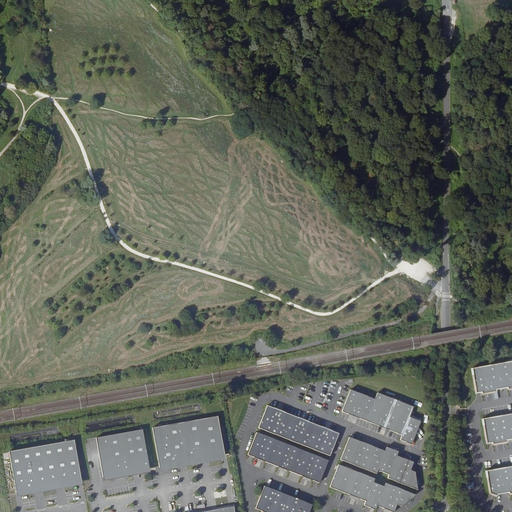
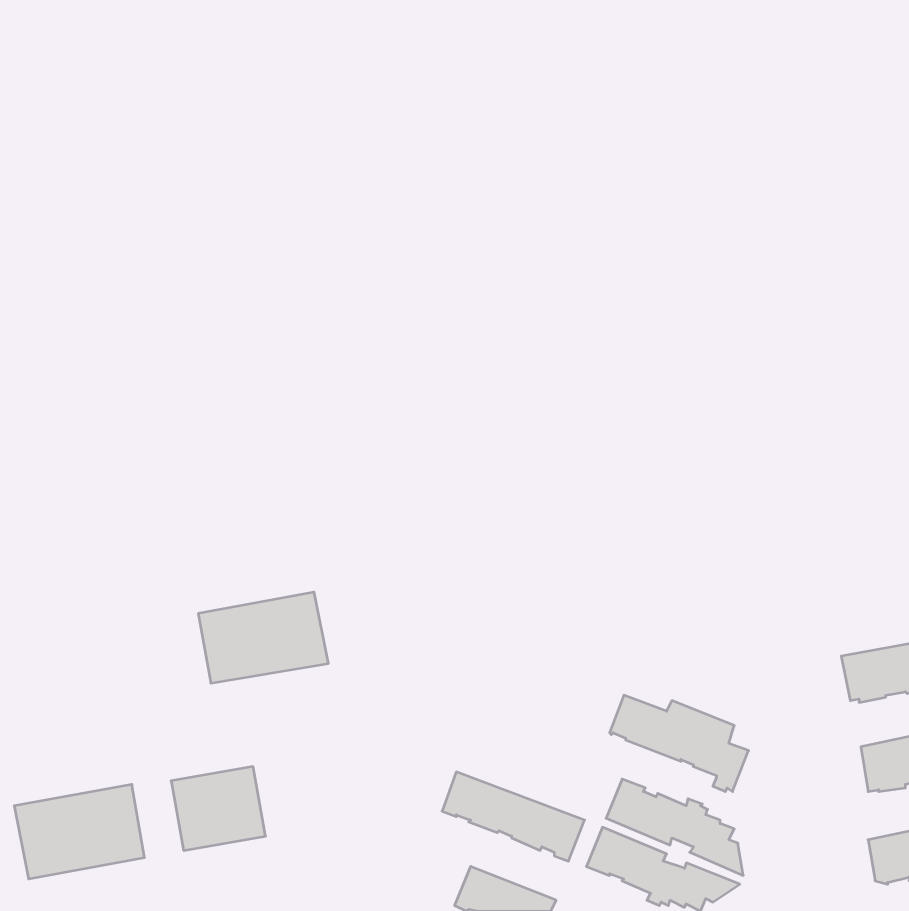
building: [260,405,340,455] -> none
building: [153,416,226,467] -> [198,592,328,683]

